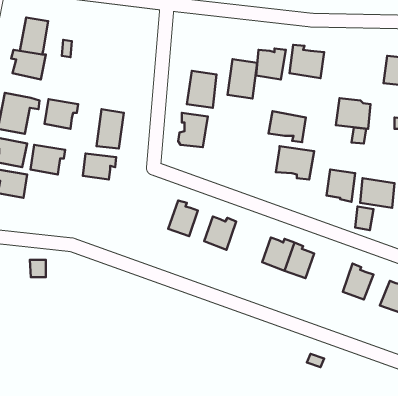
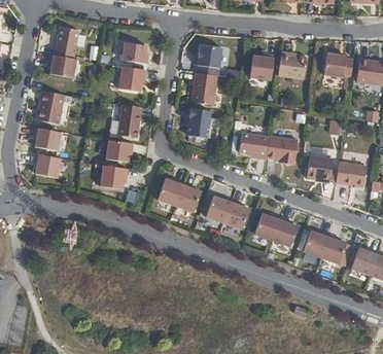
building: none -> [121,42,148,63]
building: [228,59,257,99] -> [197,42,221,75]
building: [336,98,371,129] -> [323,52,352,78]
building: [45,99,78,129] -> [117,66,145,91]
building: [269,111,306,142] -> [239,132,270,157]
building: [30,145,65,175] -> [99,166,128,190]
building: none -> [159,175,185,204]
building: none -> [225,198,250,227]
building: none -> [304,228,330,256]

